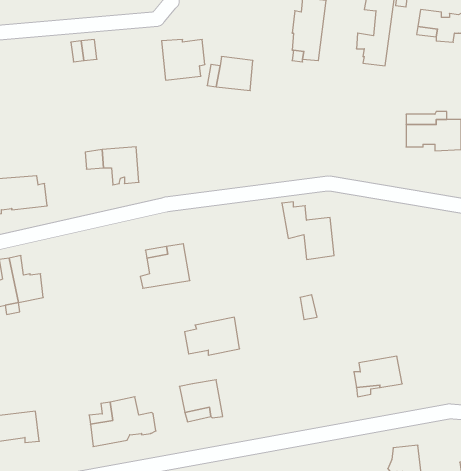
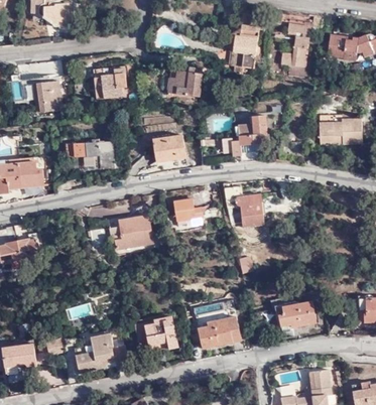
building: [162,40,205,80] -> [93,68,126,99]
building: none -> [33,81,61,112]
building: none -> [232,116,267,155]
building: none -> [153,135,183,160]
building: none -> [173,198,204,222]
building: [185,317,240,355] -> [198,316,240,346]

